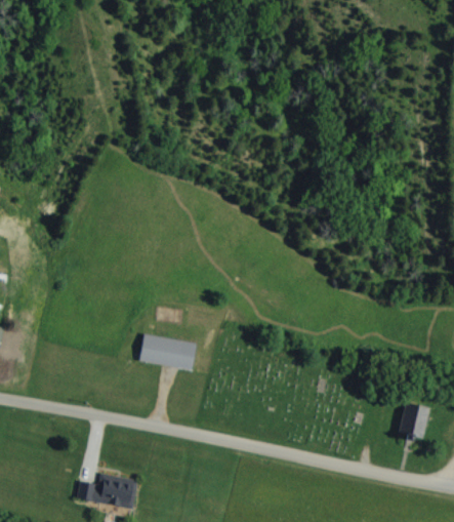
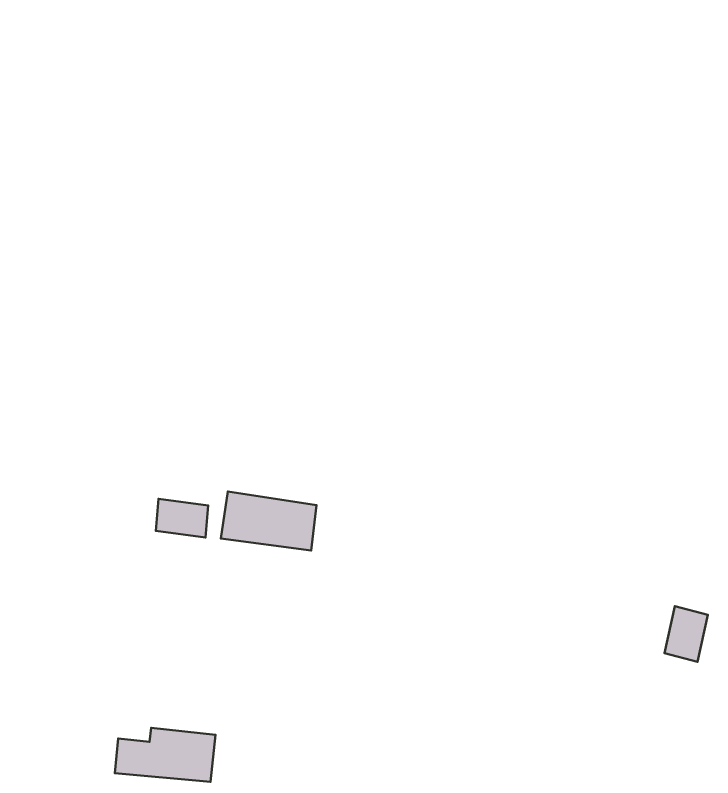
building: none -> [156,499,208,537]

